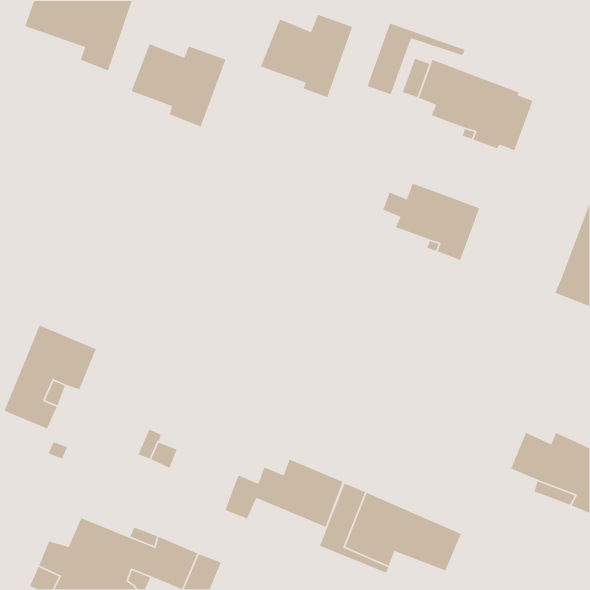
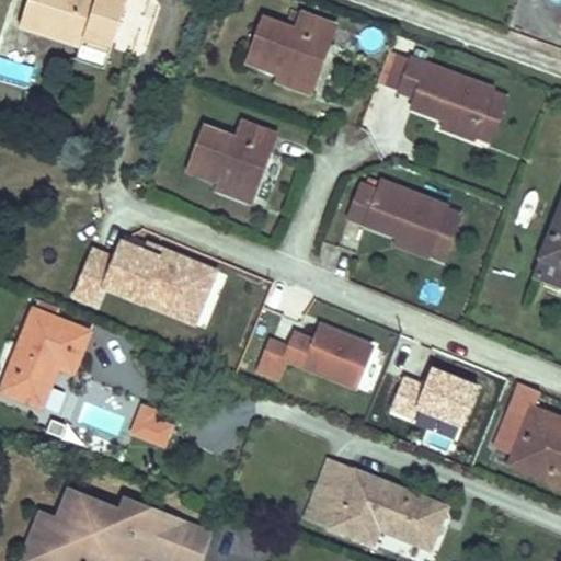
building: [366,22,466,95] -> none
building: [131,43,226,127] -> [186,121,277,201]
building: none -> [72,233,216,327]
building: none -> [390,367,479,426]
building: [224,458,343,528] -> [257,323,370,389]

